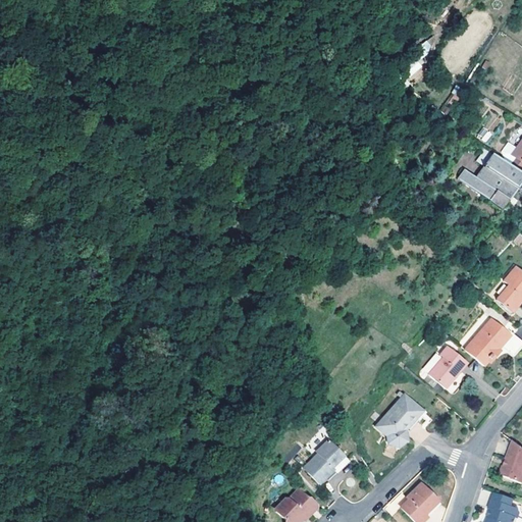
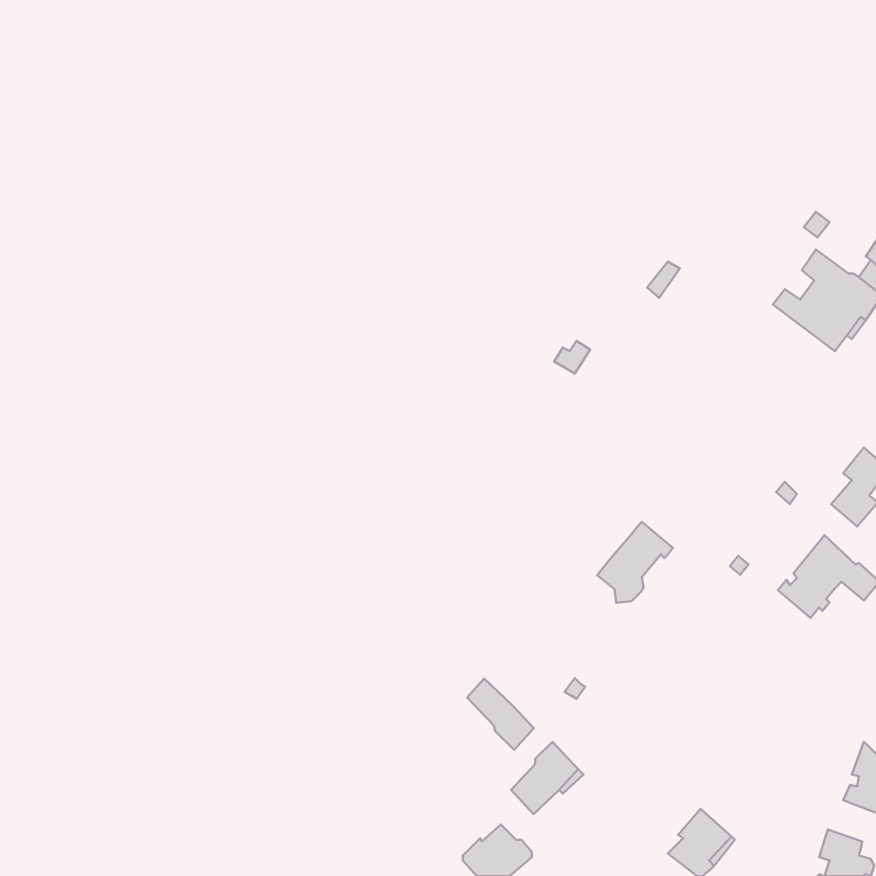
building: [426,346,465,387] -> none
building: [386,390,431,438] -> [597,522,673,603]
building: none -> [467,679,534,750]

